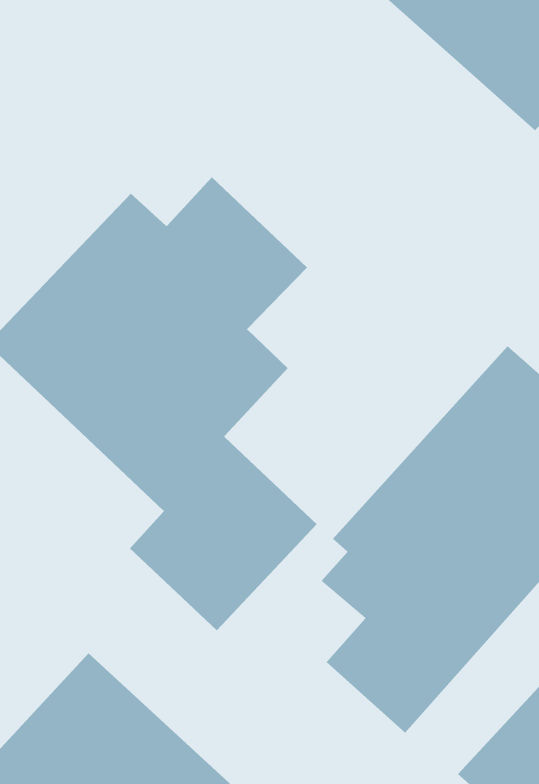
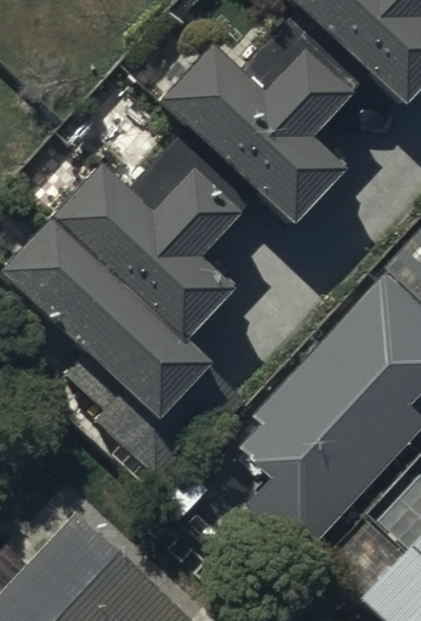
building: none -> [155,47,349,229]

